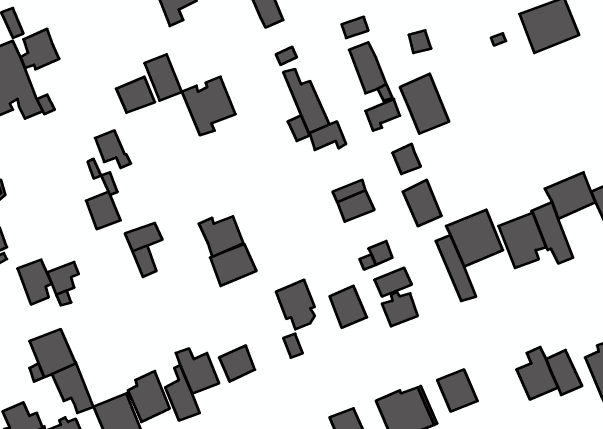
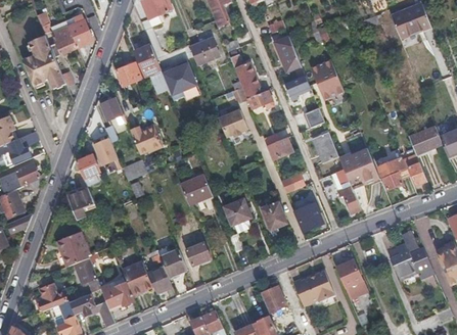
building: none -> [67,14,91,47]
building: none -> [189,38,220,64]
building: none -> [218,109,246,136]
building: [199,216,244,257] -> [129,125,159,152]
building: [17,260,52,304] -> [76,154,99,185]

